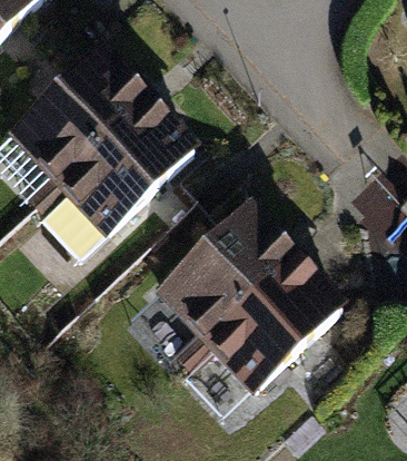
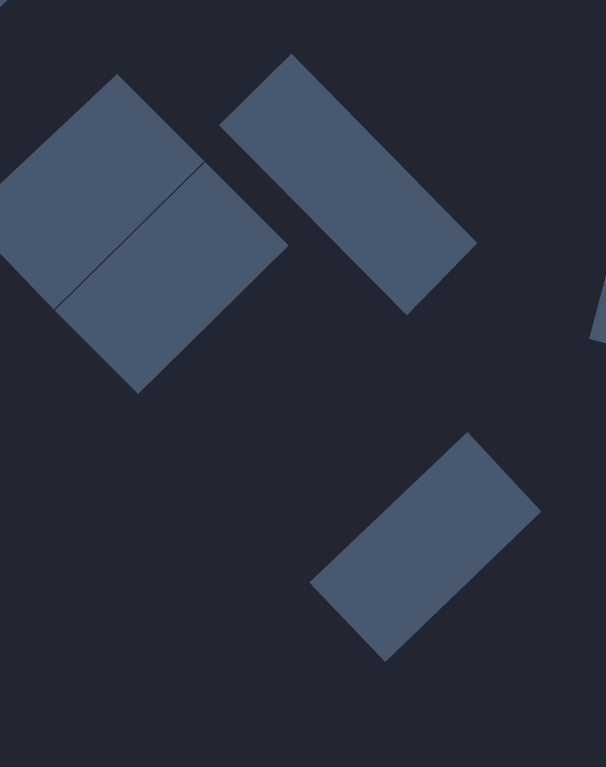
building: none -> [218,53,478,316]
building: [153,204,296,344] -> none

